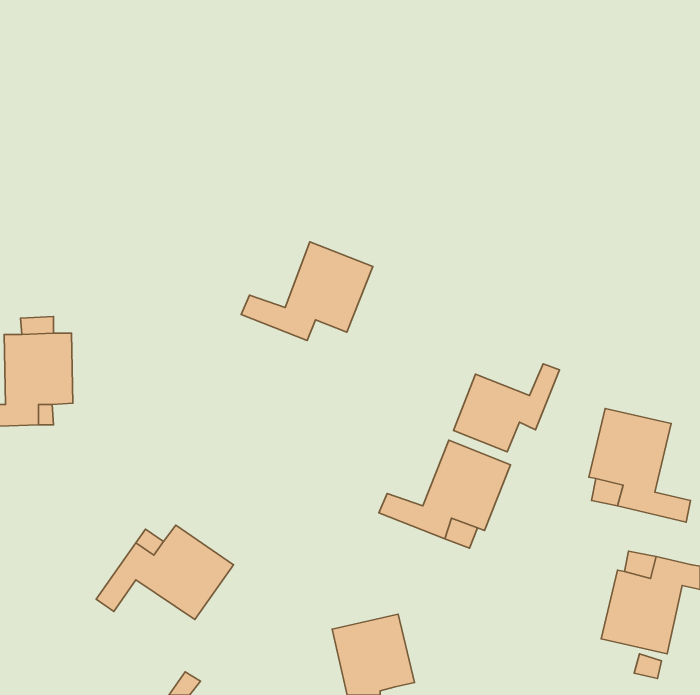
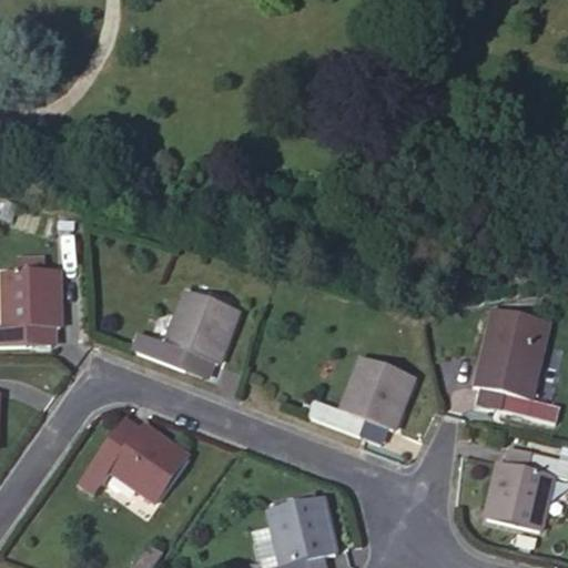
building: [241,242,373,340] -> [131,290,237,369]
building: [453,364,559,452] -> none
building: none -> [489,307,548,343]

